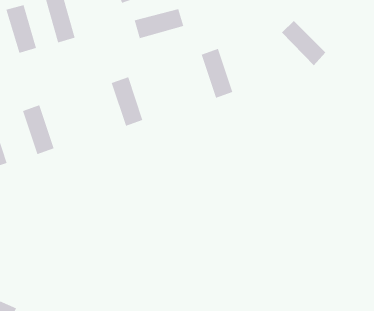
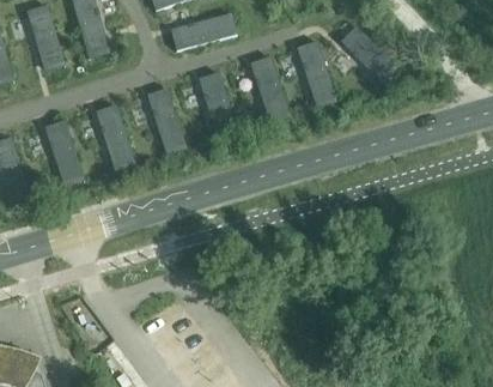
building: none -> [298,43,335,101]
building: none -> [199,74,236,132]
building: none -> [97,108,134,165]

